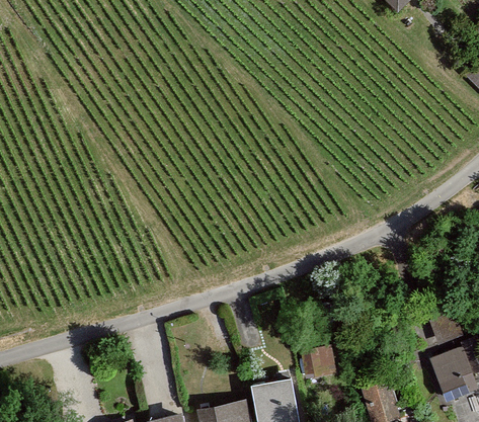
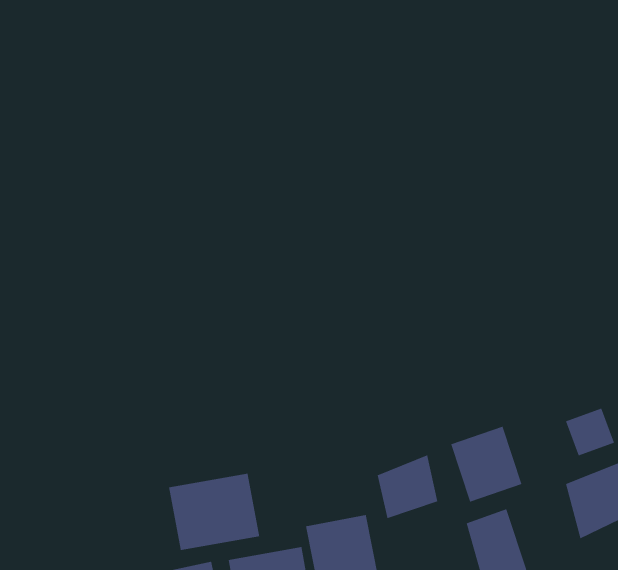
building: none -> [450,426,522,502]
building: none -> [168,473,260,551]

